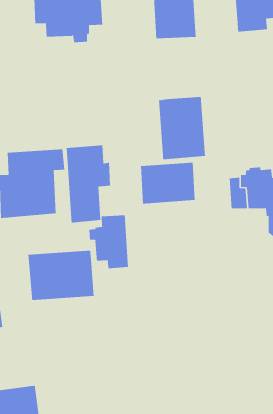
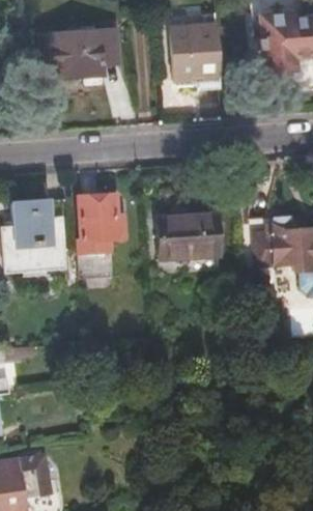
building: [158,96,206,160] -> none
building: [89,214,128,269] -> none
building: [28,250,94,301] -> none

